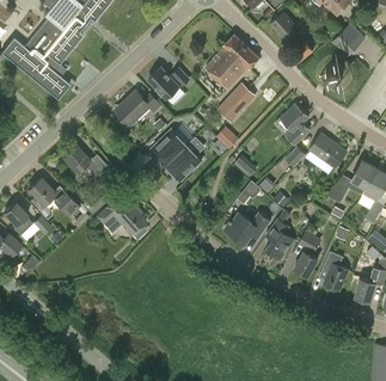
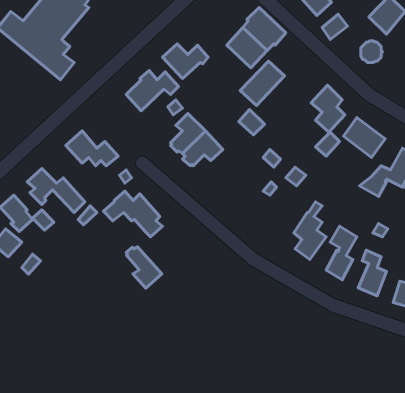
building: [225,211,271,244] -> none
building: none -> [126,247,162,288]

